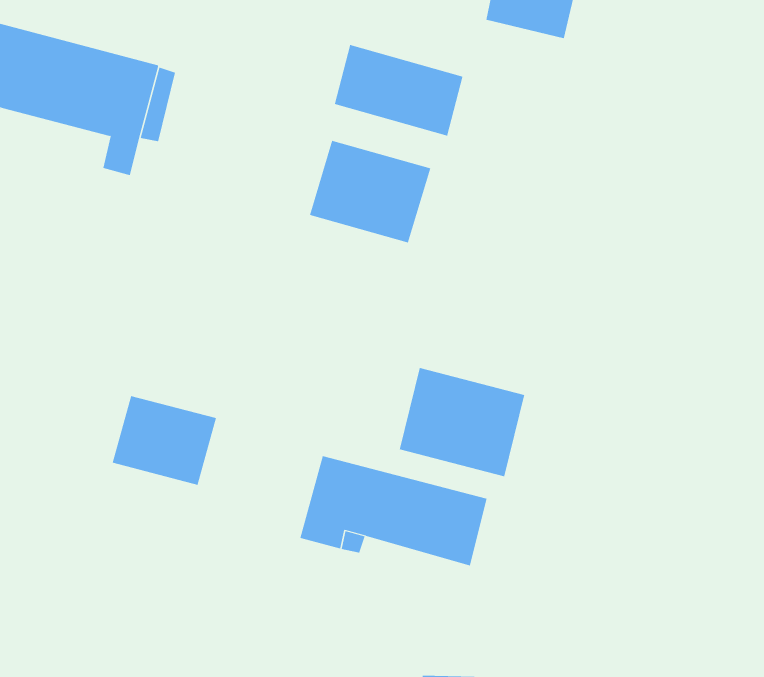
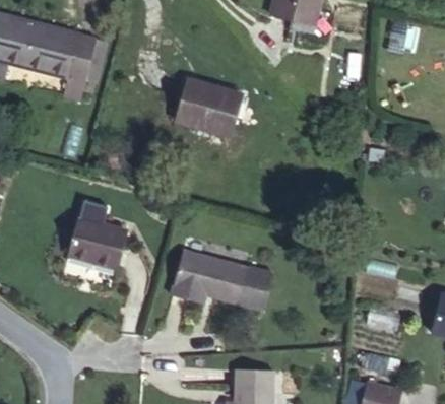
building: [334,44,463,137] -> none
building: [399,367,525,477] -> none

